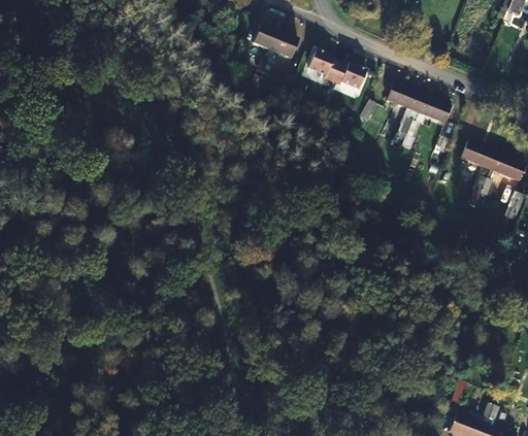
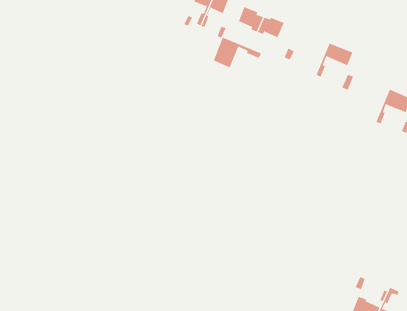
building: [387,81,422,134] -> none
building: none -> [213,37,262,68]
building: [460,139,497,193] -> none

